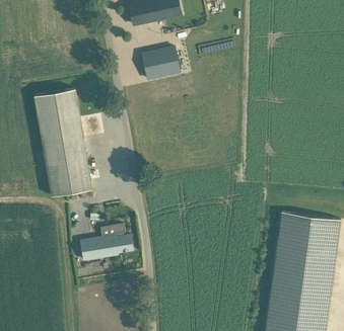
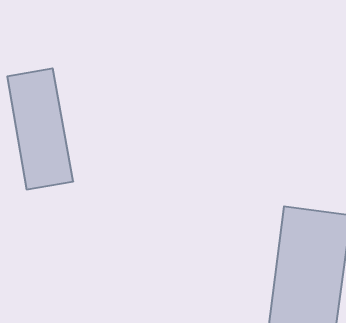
building: [141,48,180,79] -> none
building: [80,224,133,260] -> none

